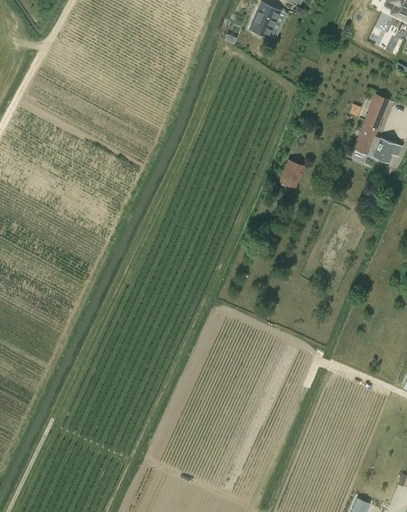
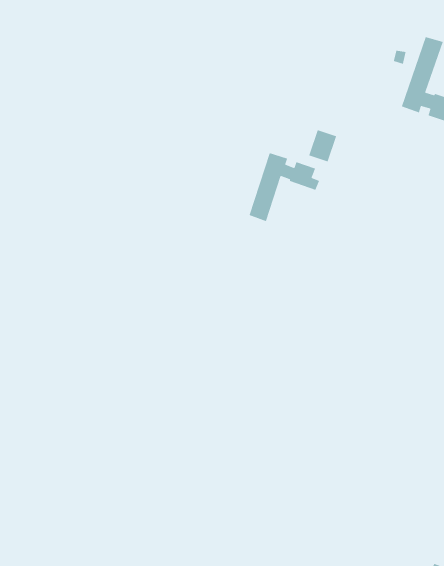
building: none -> [248,152,320,222]

